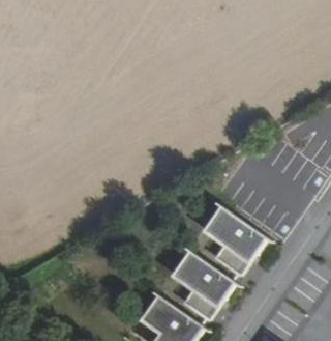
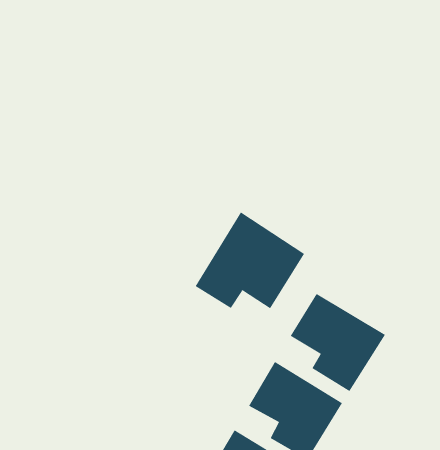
building: none -> [195,212,305,309]

